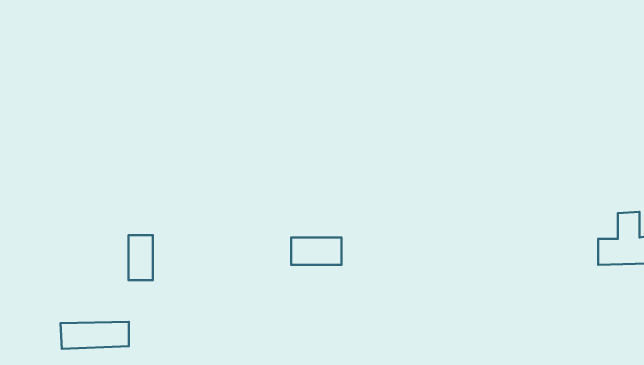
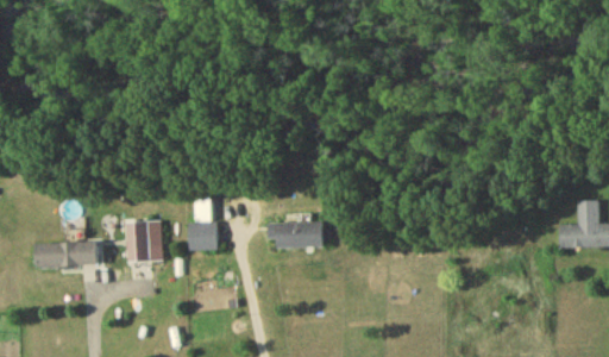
building: none -> [189,221,218,250]
building: [60,322,129,349] -> [34,242,98,267]

